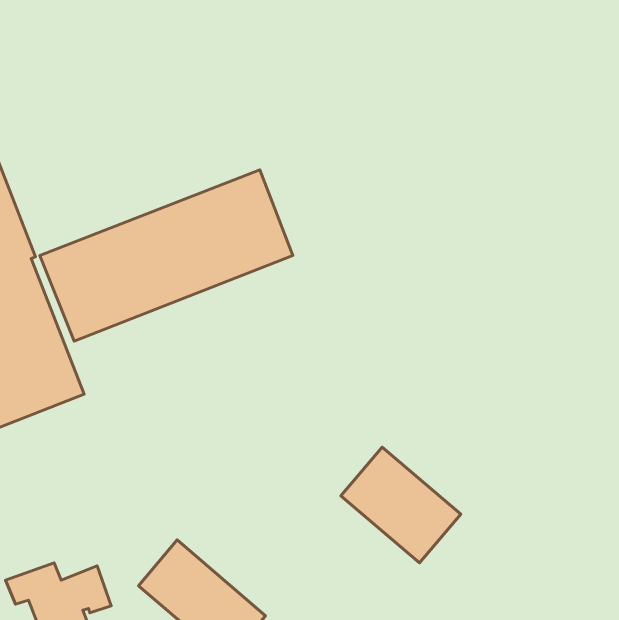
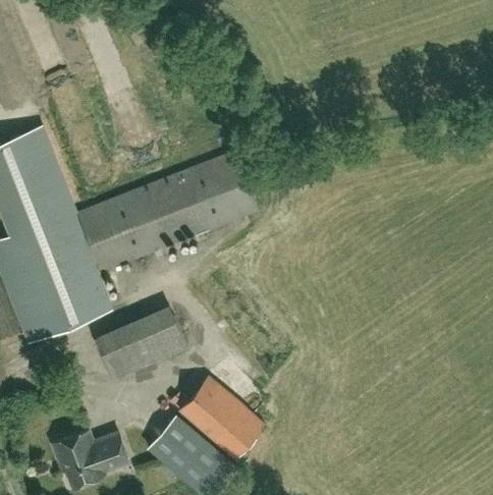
building: none -> [99,308,191,379]
building: [341,447,461,563] -> [177,377,263,459]

